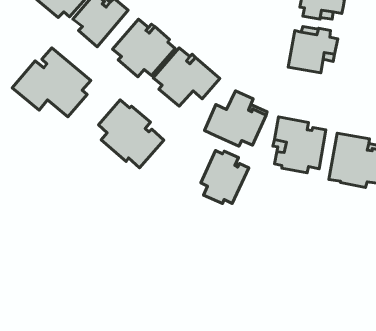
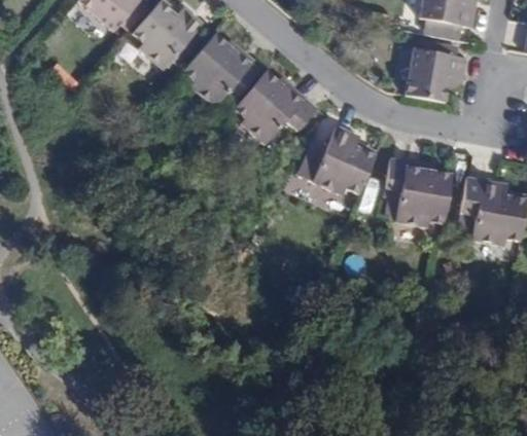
building: [12,48,91,117] -> none
building: [98,100,164,168] -> none
building: [201,151,249,204] -> none

